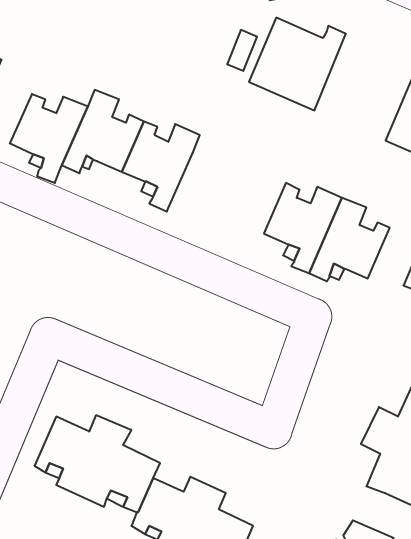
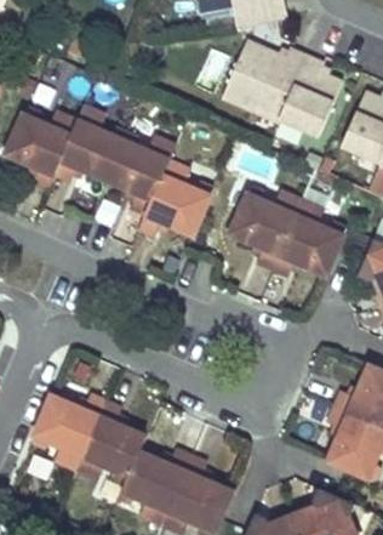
building: none -> [280,56,342,140]
building: none -> [143,161,213,235]

